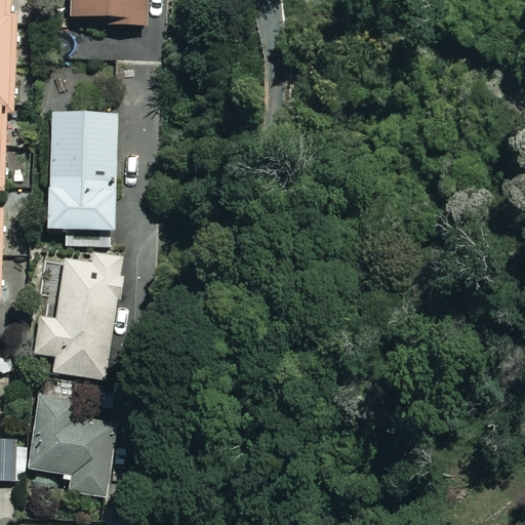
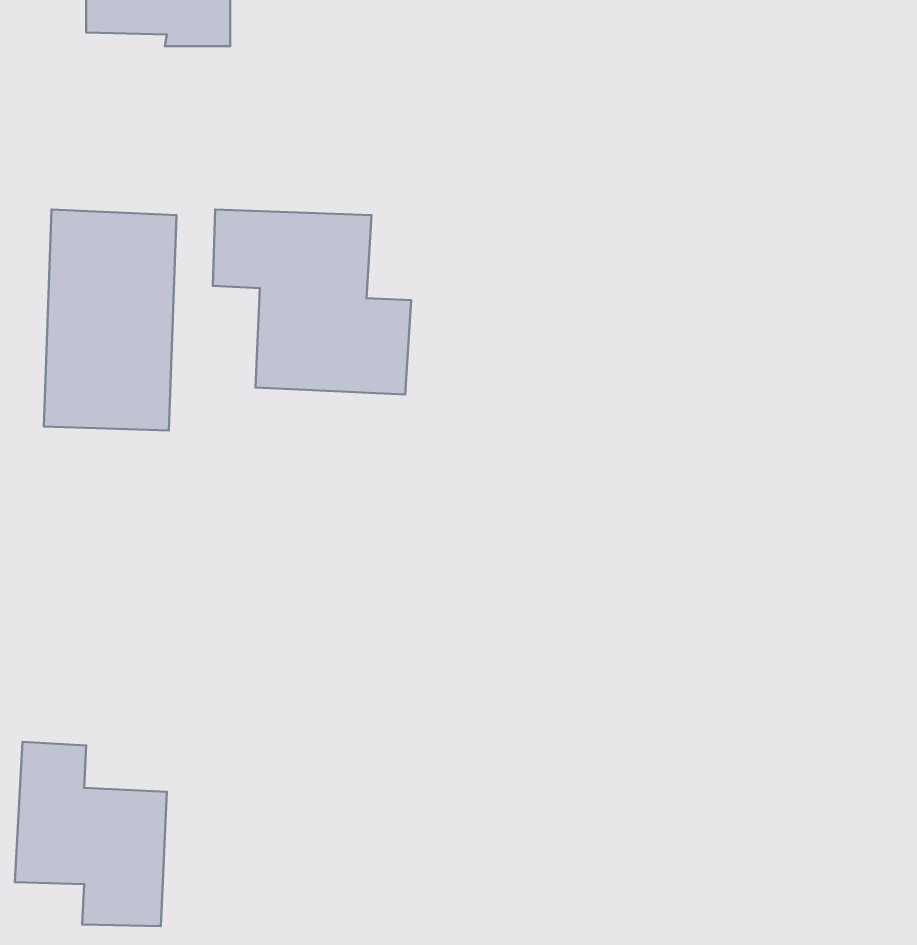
building: none -> [213,210,411,395]
building: [36,248,121,376] -> none

